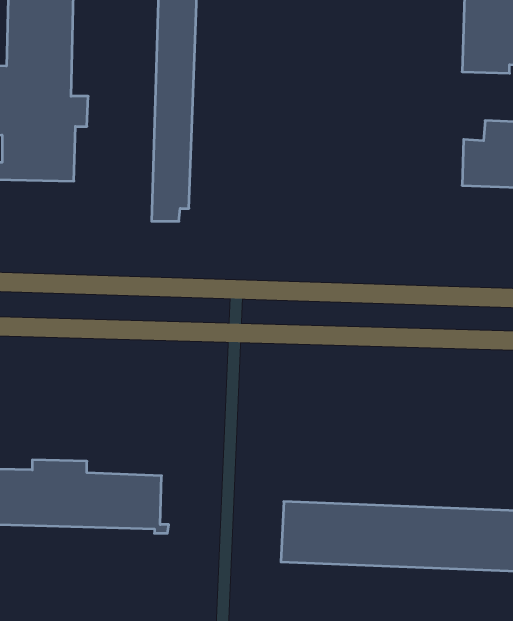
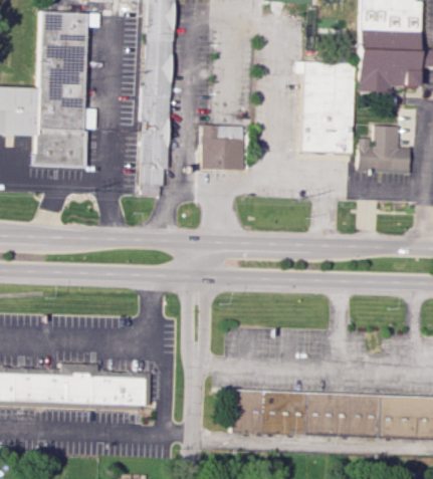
building: none -> [296,60,355,152]
building: none -> [202,125,244,170]

